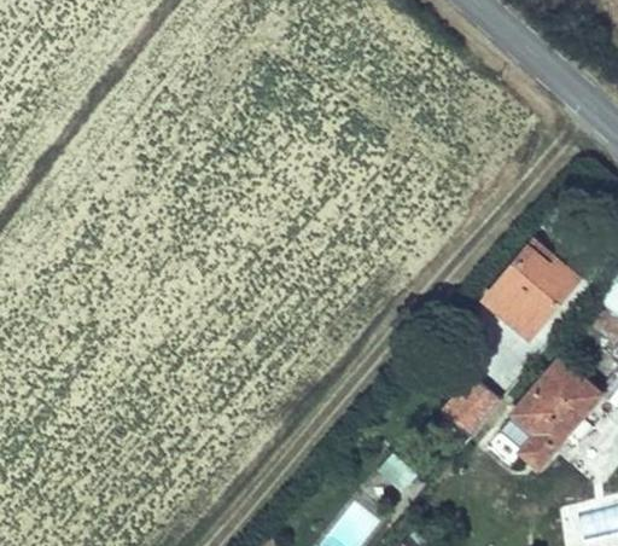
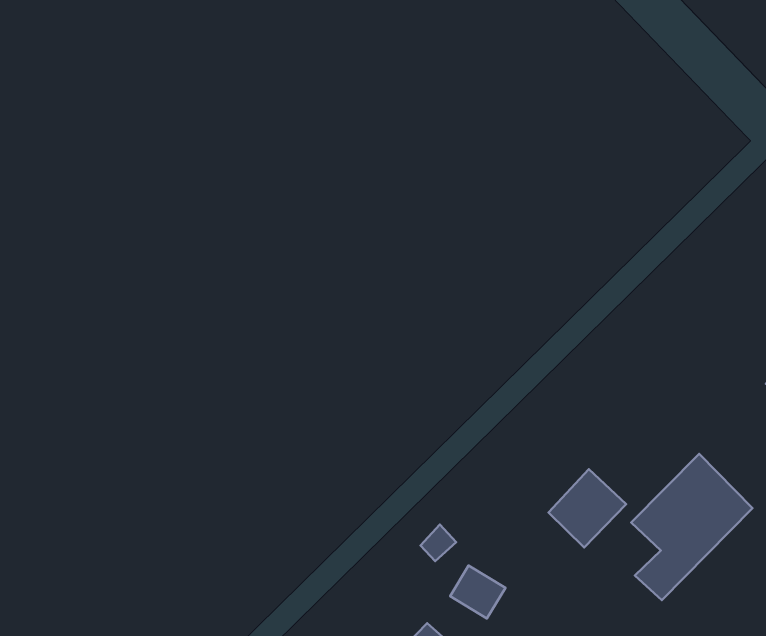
building: [488,254,575,336] -> none

